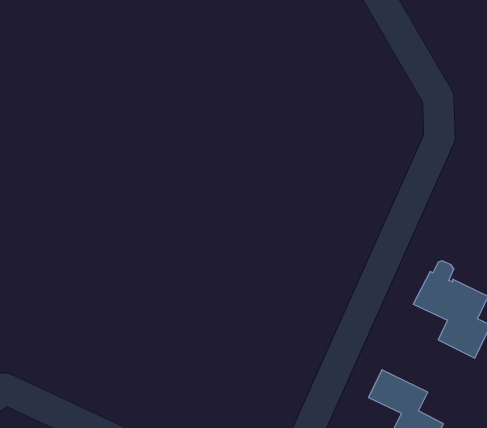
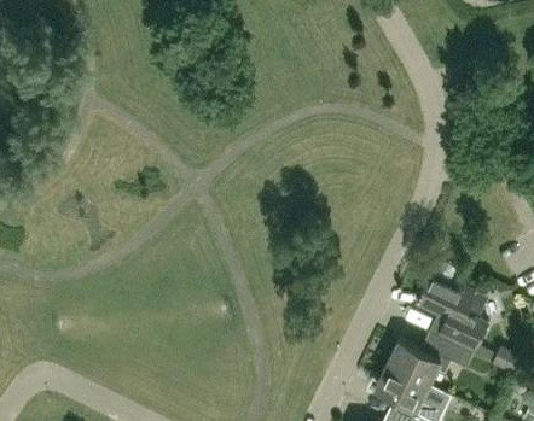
building: none -> [387,337,472,385]

